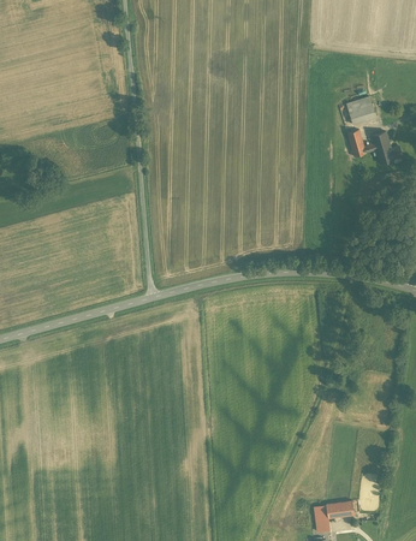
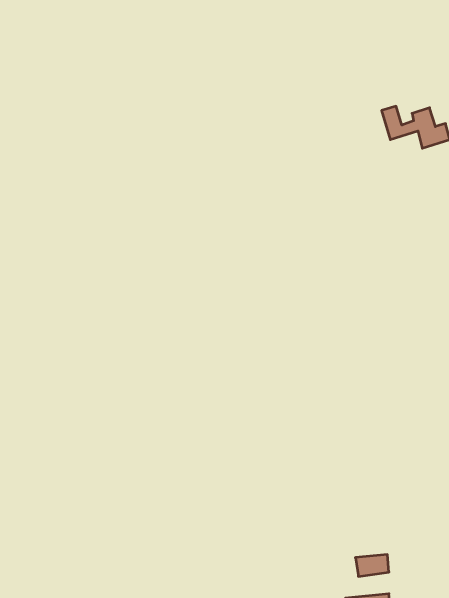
building: [345,97,375,125] -> none

